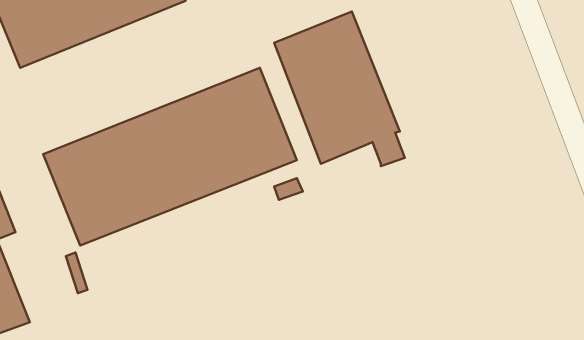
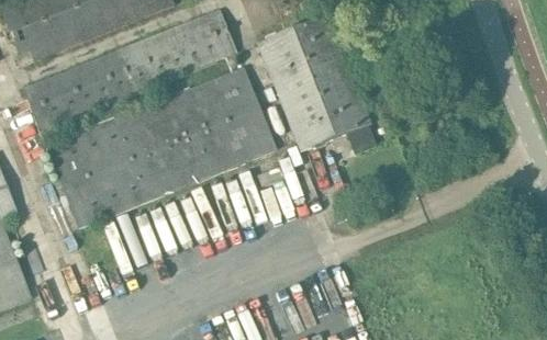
building: none -> [21,9,236,133]

